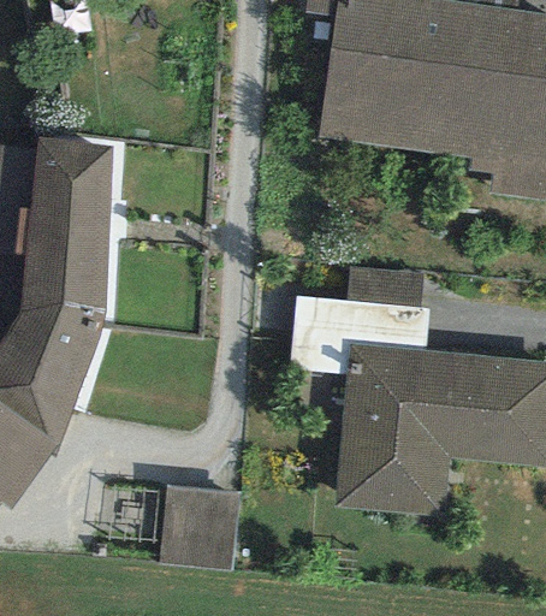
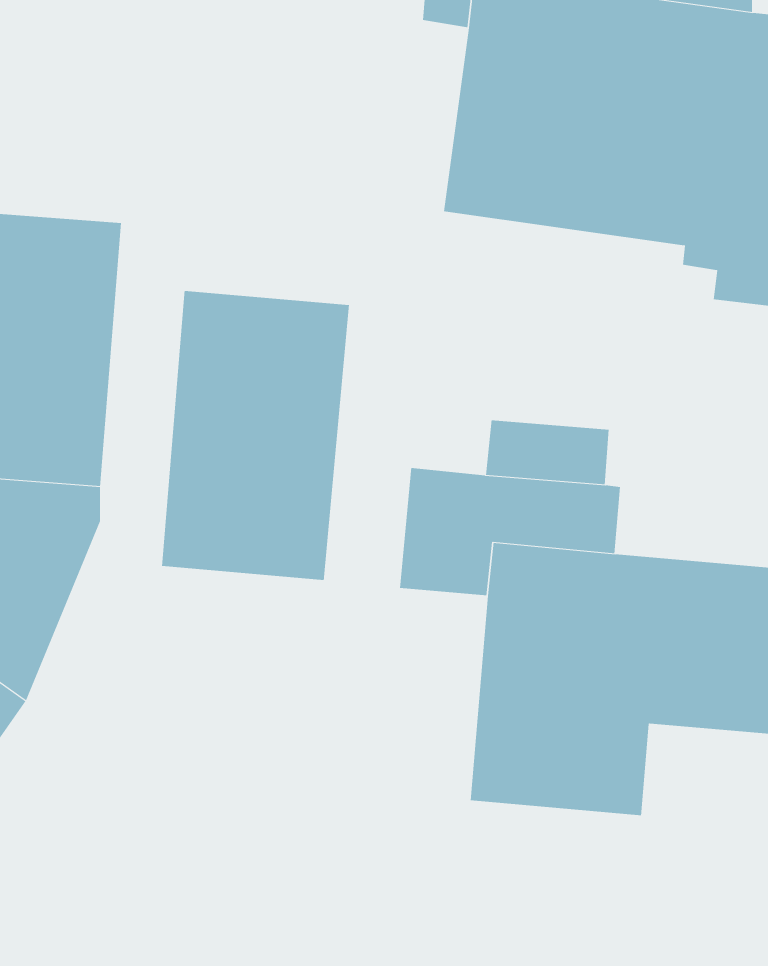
building: none -> [162,290,349,581]
building: [159,484,238,570] -> none

